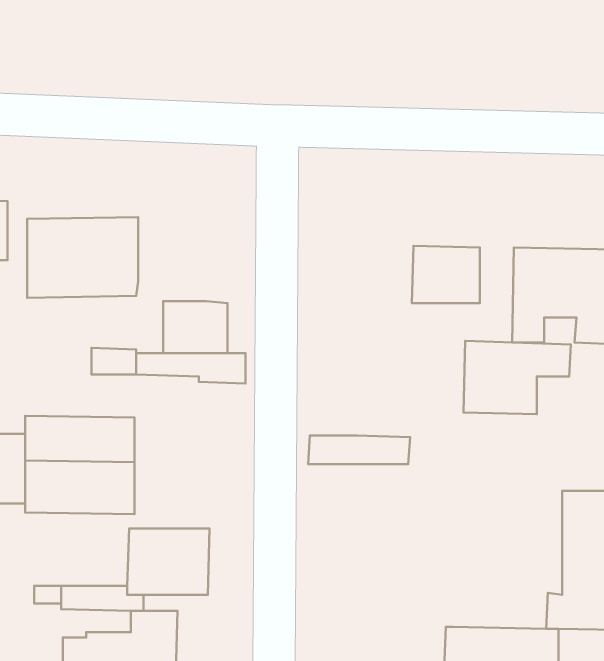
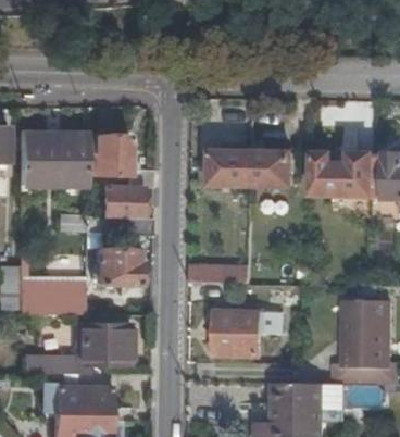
building: none -> [86,135,151,187]
building: none -> [212,152,253,187]
building: [463,341,571,414] -> [216,312,282,357]
building: none -> [95,249,138,285]

